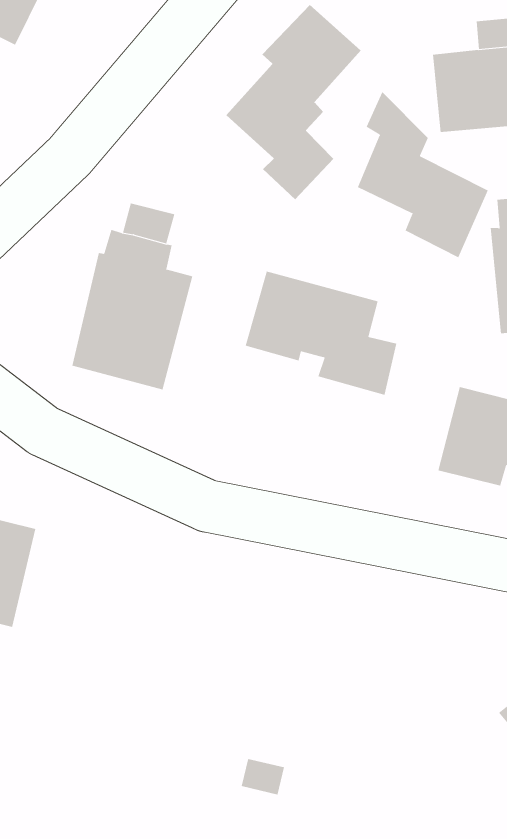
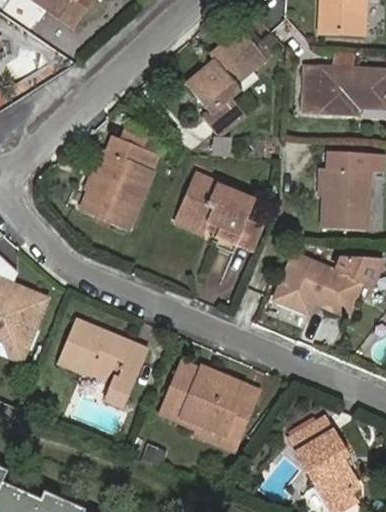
building: [357,91,489,258] -> none
building: none -> [58,318,149,408]
building: none -> [164,365,258,433]

